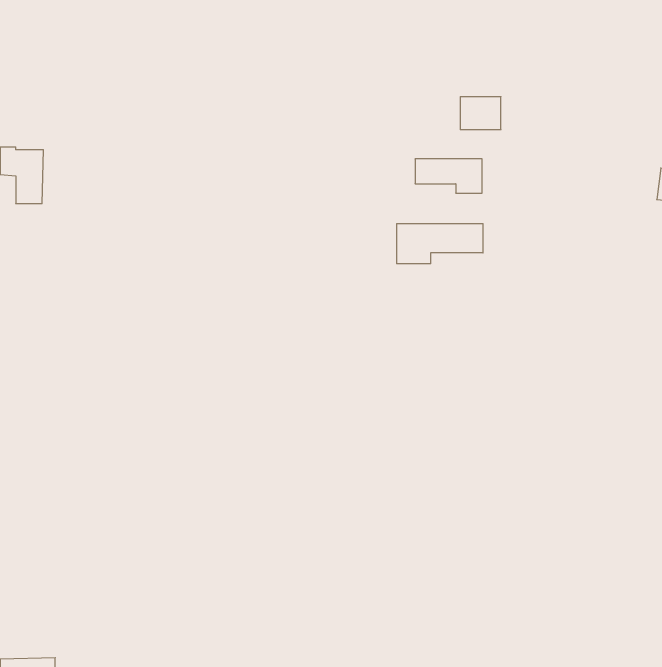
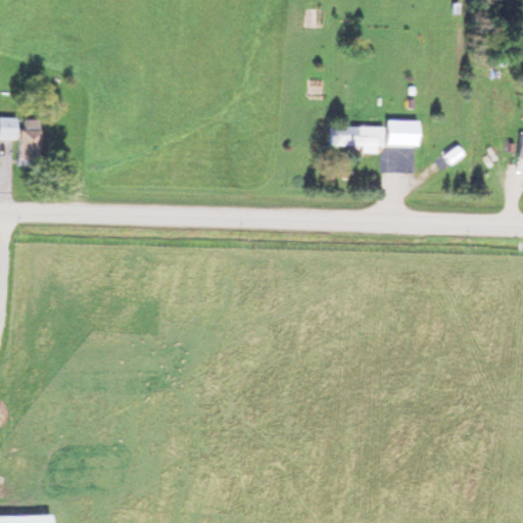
building: [460,97,501,130] -> [386,121,418,146]
building: [397,224,483,264] -> none

